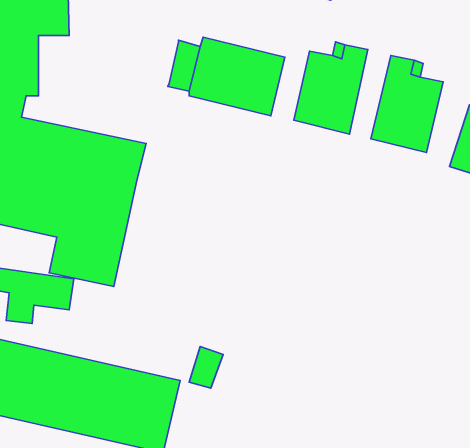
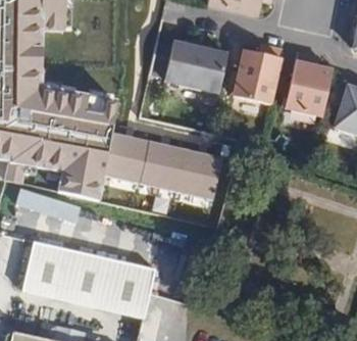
building: none -> [115,136,234,207]

